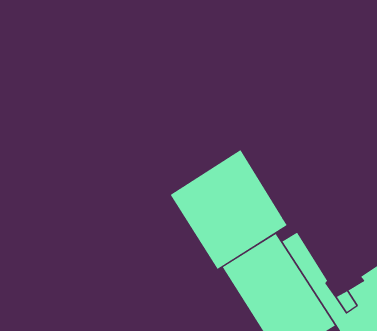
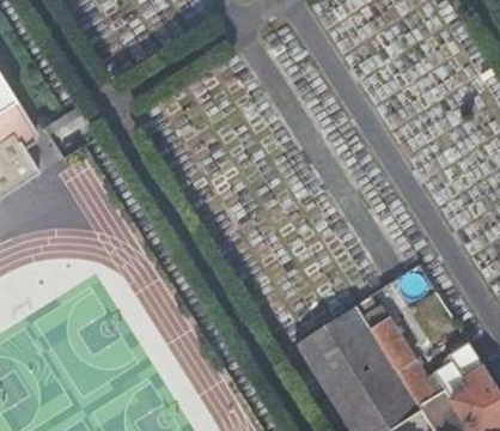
building: [170,149,287,270] -> none

